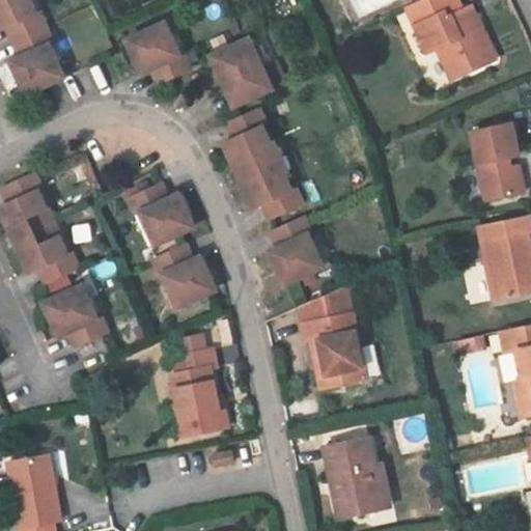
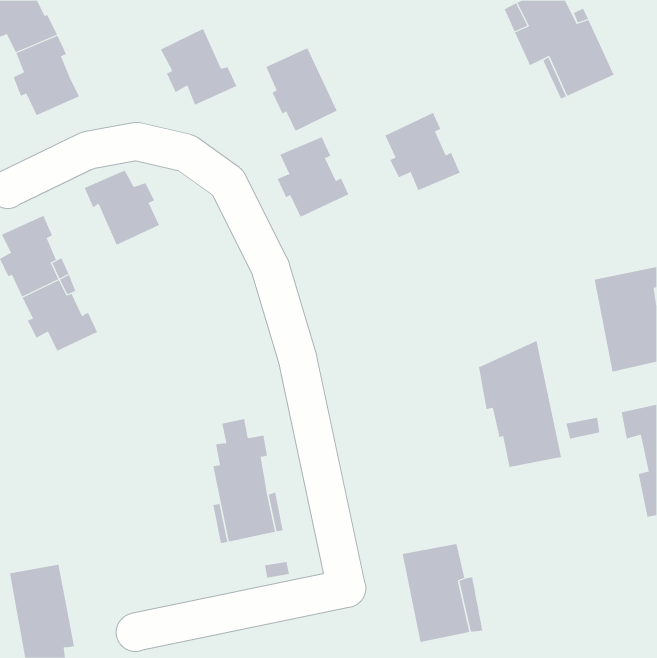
building: [471,123,524,201] -> none
building: [242,157,303,220] -> [384,112,460,191]
building: [129,185,190,246] -> [84,170,160,246]
building: [269,218,323,284] -> none
building: [153,246,212,308] -> none
building: [46,284,107,346] -> none
building: [299,285,366,388] -> [478,340,562,468]

